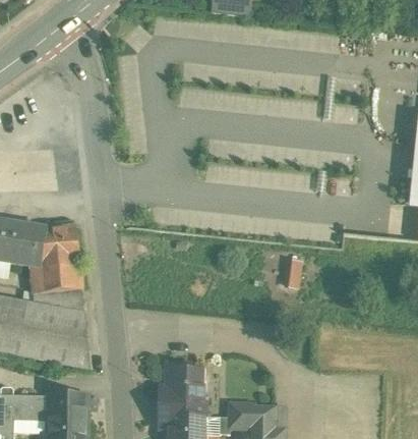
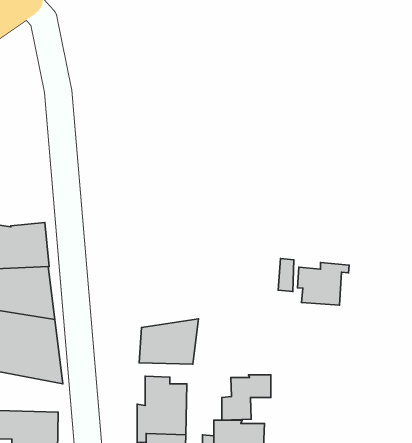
building: none -> [298,262,349,305]
building: none -> [139,319,199,364]
building: none -> [222,375,271,420]

